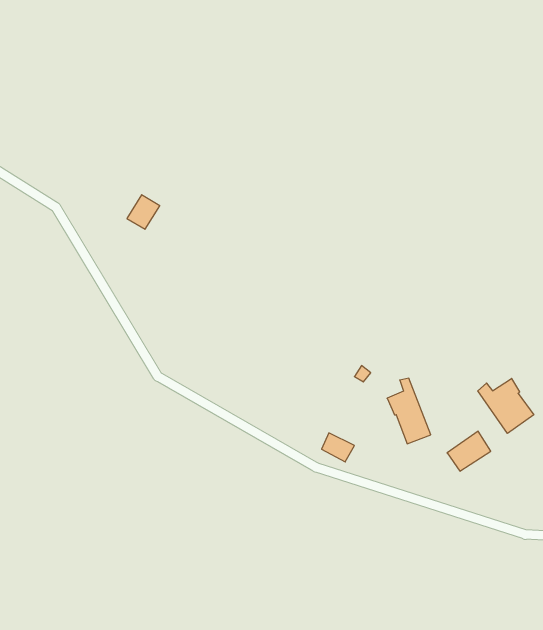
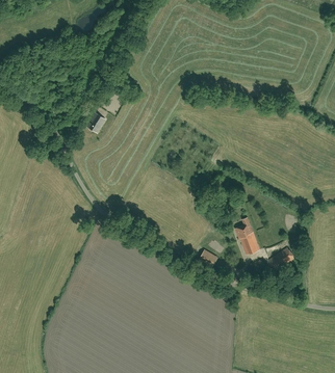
building: [478,378,534,433] -> none

